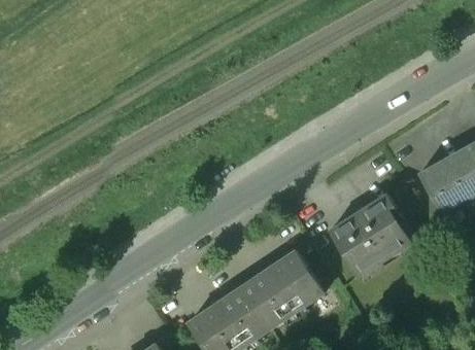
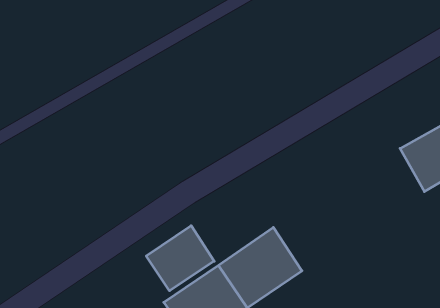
building: [335,192,415,272] -> none
building: none -> [146,226,214,291]

